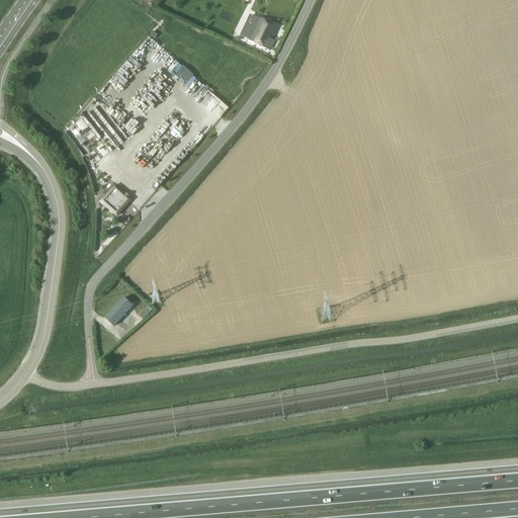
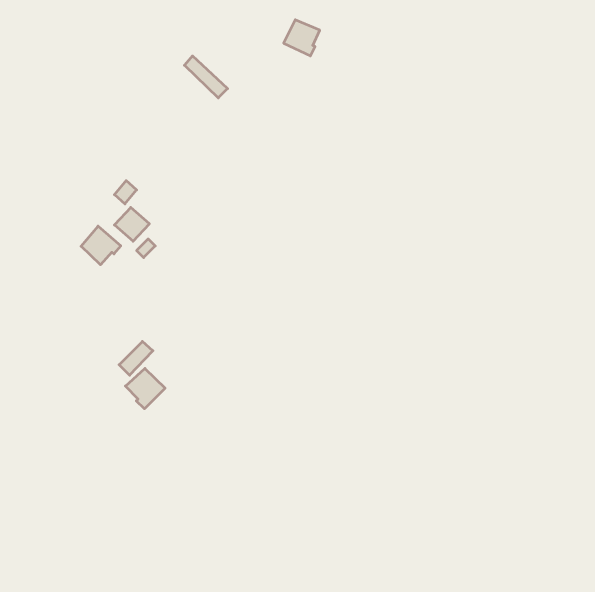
building: none -> [81,226,121,265]
building: none -> [125,368,165,409]

